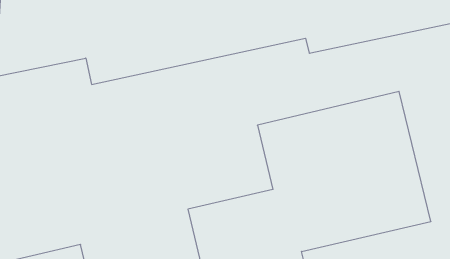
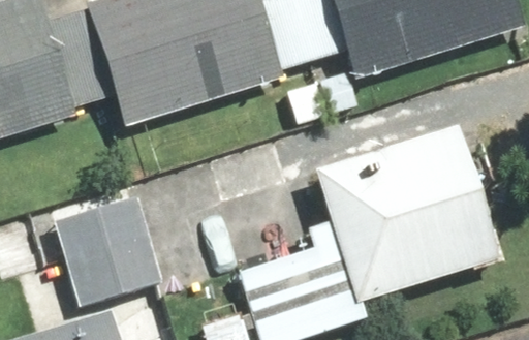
building: none -> [50,186,163,306]

